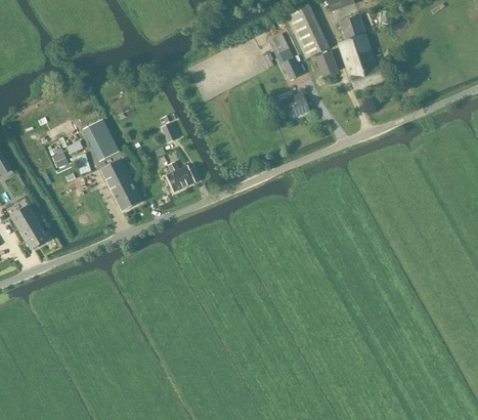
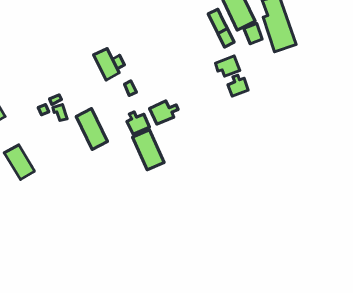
building: none -> [228,75,248,96]
building: [86,118,119,158] -> [93,49,119,80]
building: none -> [150,101,178,124]
building: none -> [133,130,164,170]

